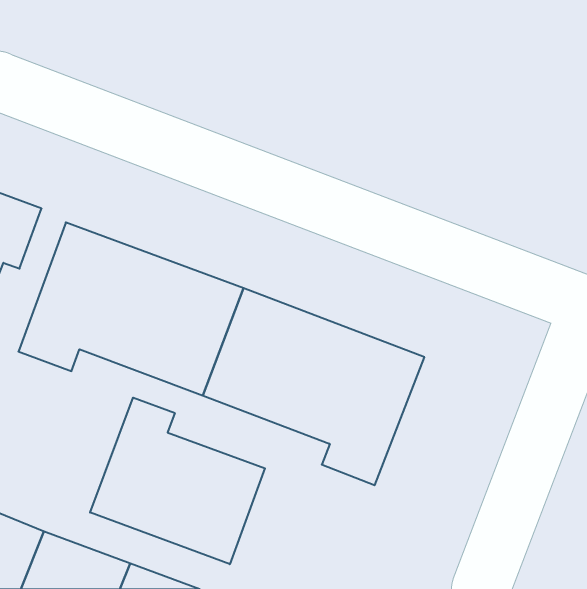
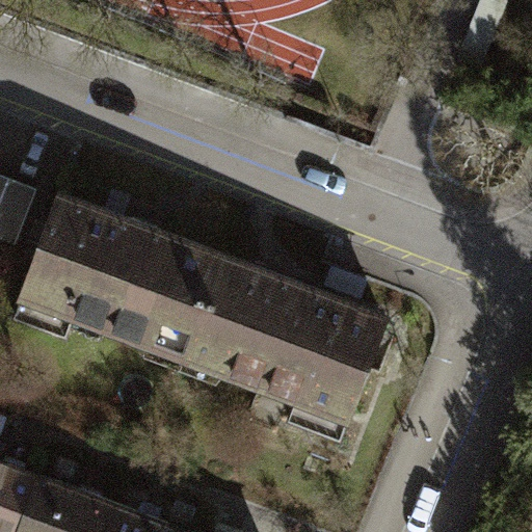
building: [90,398,265,564] -> none

